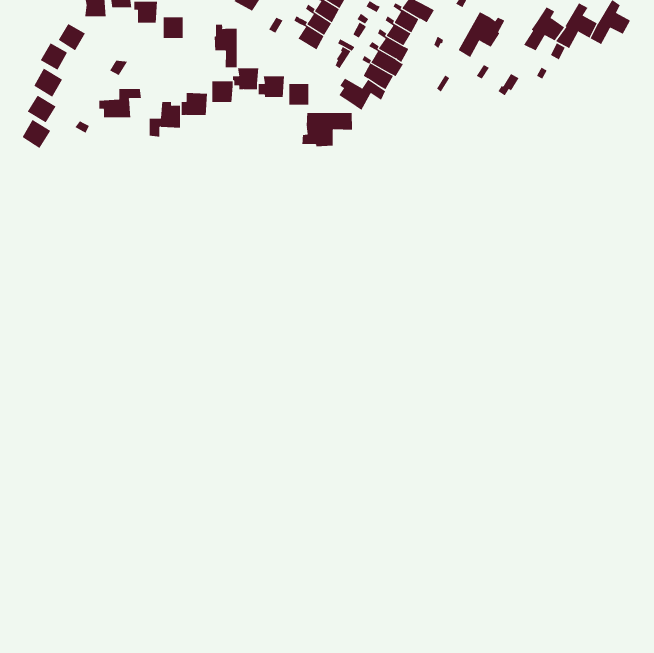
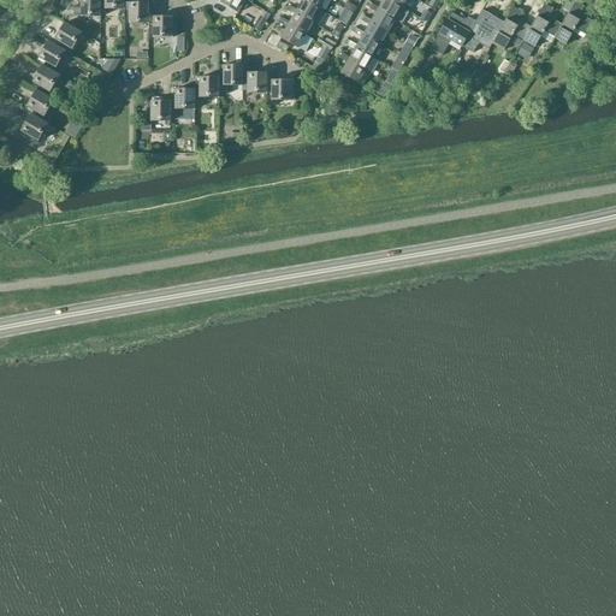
building: none -> [461,8,503,52]
building: [214,24,237,68] -> none
building: [339,78,386,111] -> none
building: [99,88,142,118] -> none
building: [302,112,353,147] -> none

